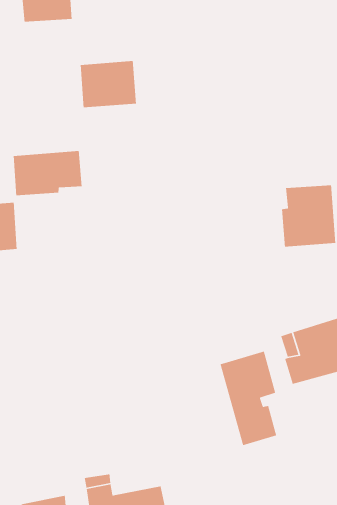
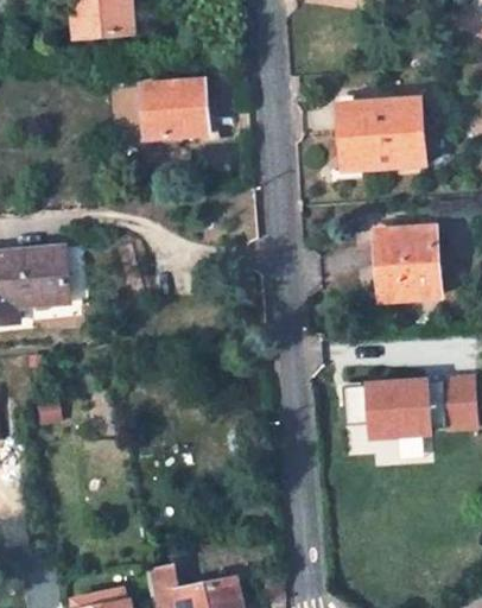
building: none -> [345,99,426,167]
building: [13,150,83,196] -> none
building: [219,350,277,446] -> none

